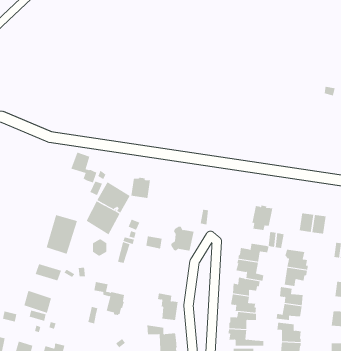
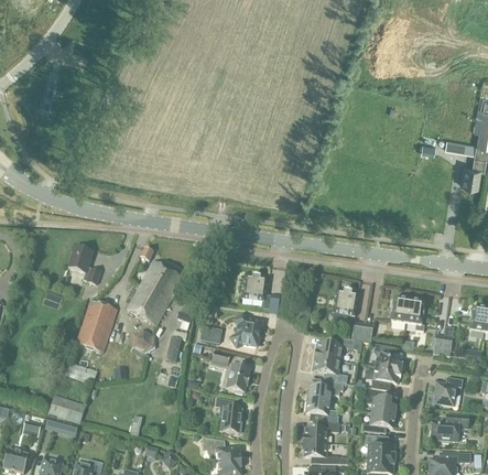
building: [70,152,97,183] -> [68,245,101,283]
building: [130,177,151,198] -> [242,273,268,300]
building: [93,282,125,315] -> [212,350,250,392]

